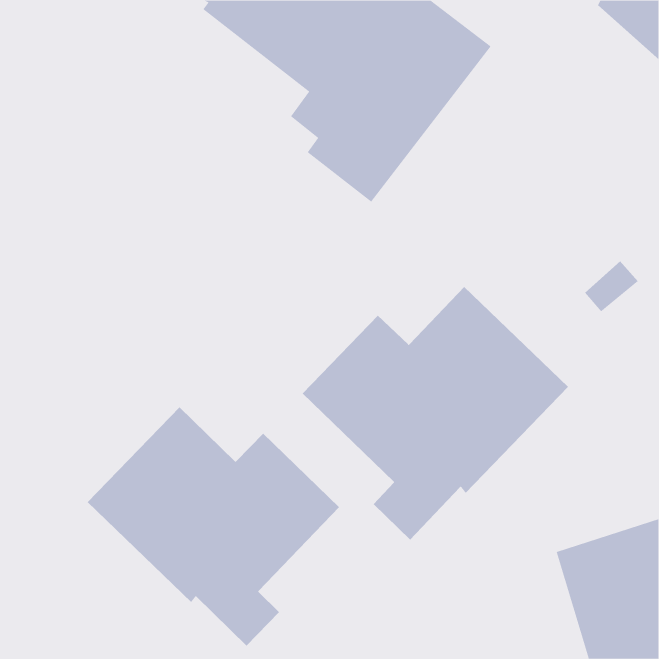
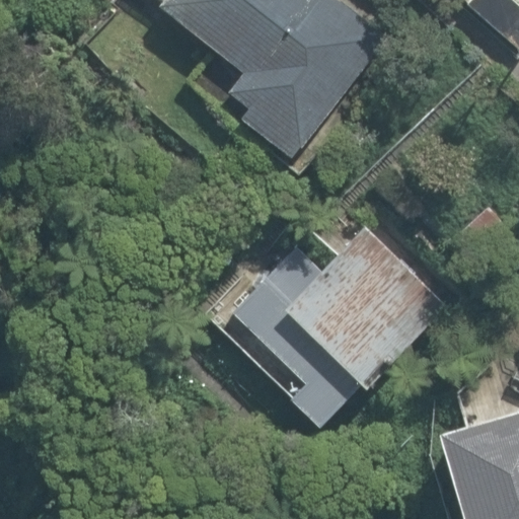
building: [87,406,340,647] -> none

